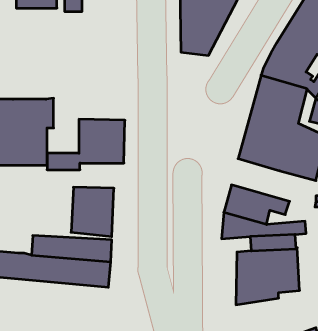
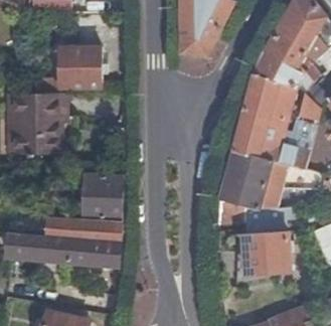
building: [47,119,125,170] -> [28,47,100,94]
building: none -> [228,148,285,187]

